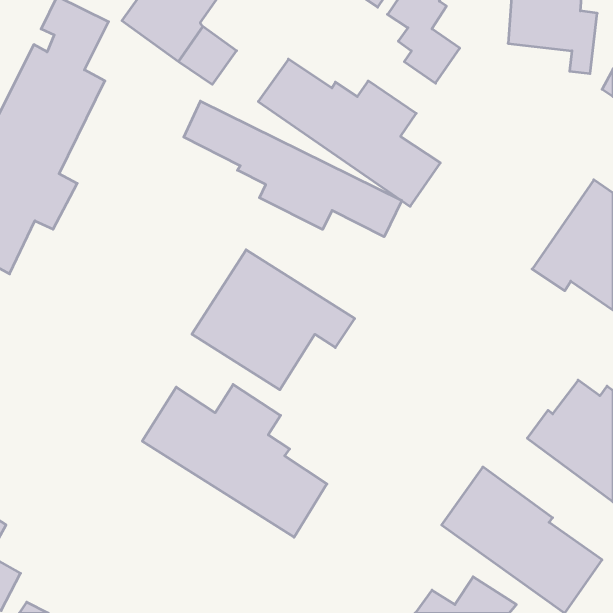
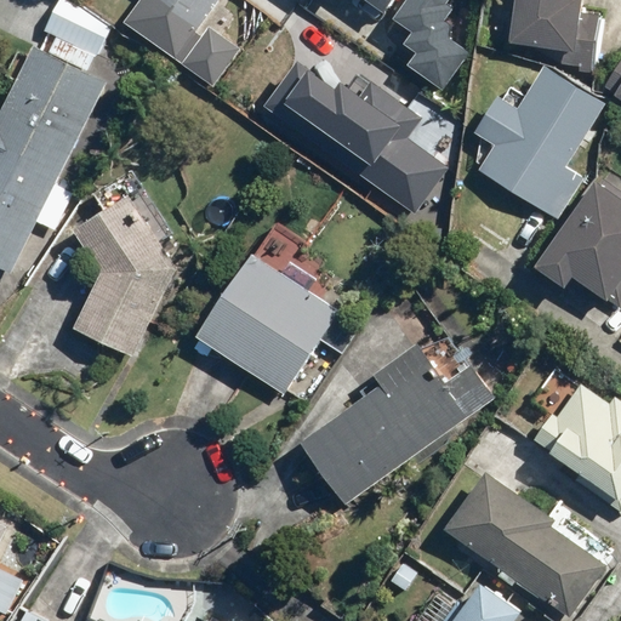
building: none -> [475,67,605,222]
building: [184,101,402,237] -> none
building: none -> [74,195,178,358]
building: none -> [302,343,489,503]
building: [142,384,327,537] -> none

